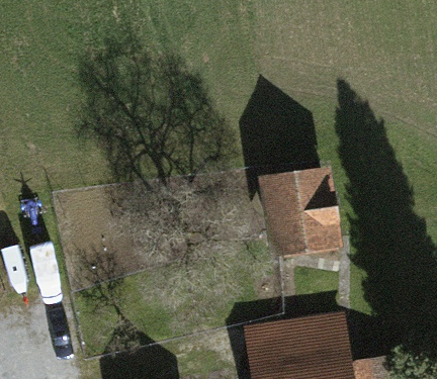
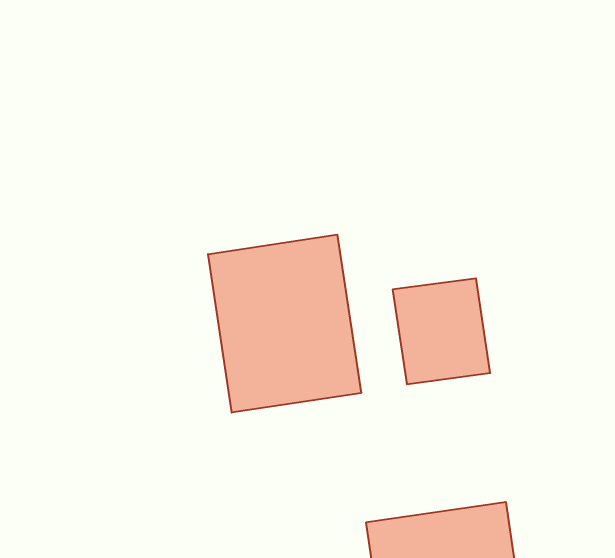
building: none -> [208,235,361,413]

